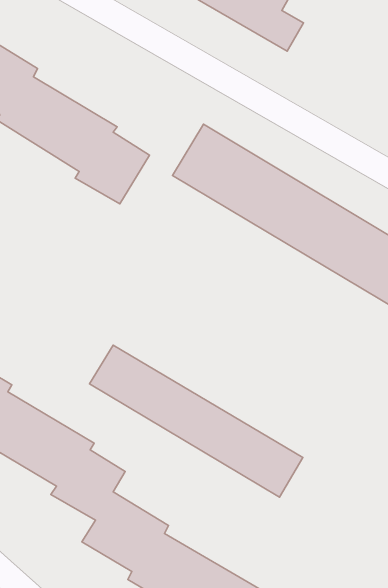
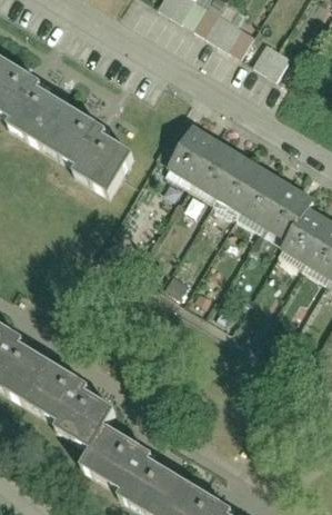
building: none -> [255,44,294,82]
building: [90,345,303,497] -> none

